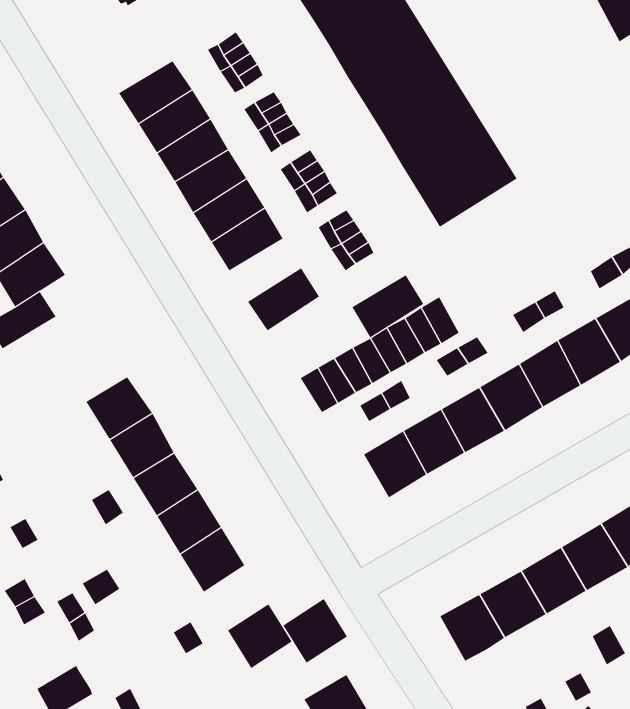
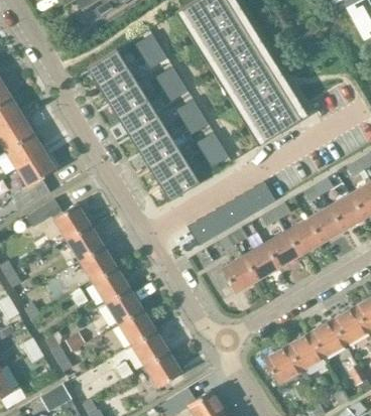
building: [352,275,424,338] -> [146,149,187,184]
building: none -> [26,199,90,240]
building: [283,598,348,664] -> [132,330,168,367]

